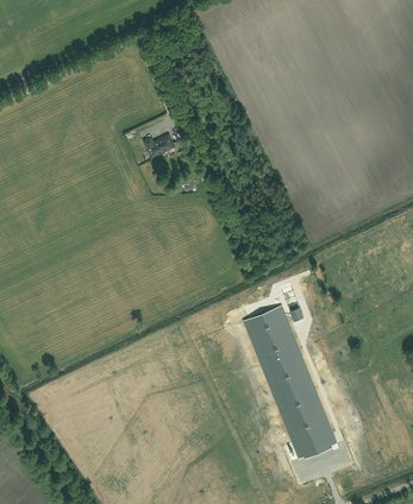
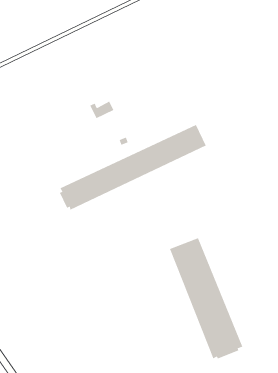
building: none -> [59,124,207,211]

